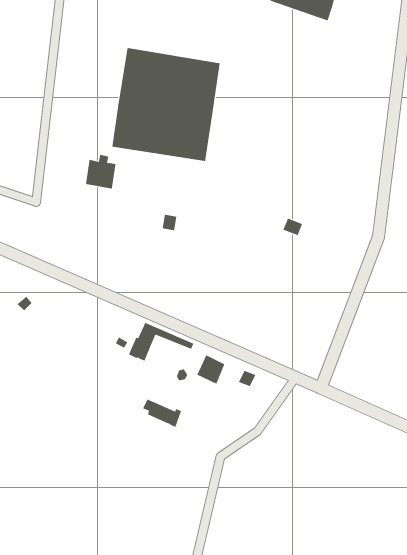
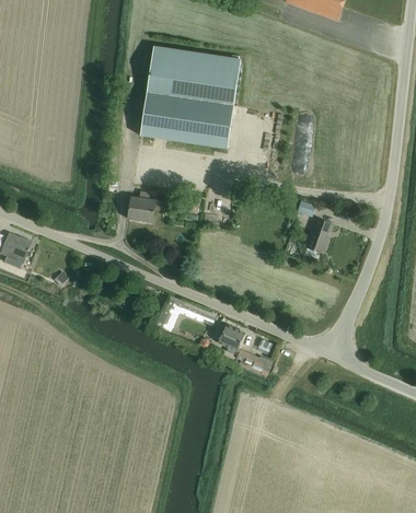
building: [85,154,116,189] -> [127,191,155,223]
building: none -> [305,219,334,254]
building: [142,399,182,428] -> [236,350,273,376]

